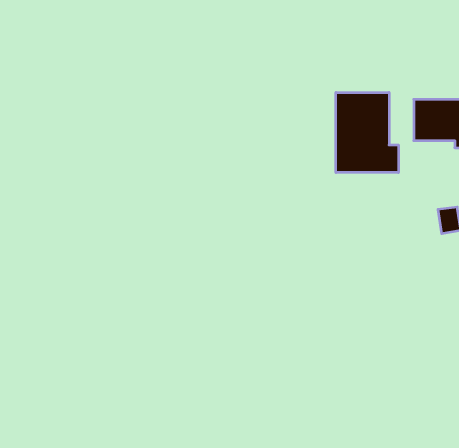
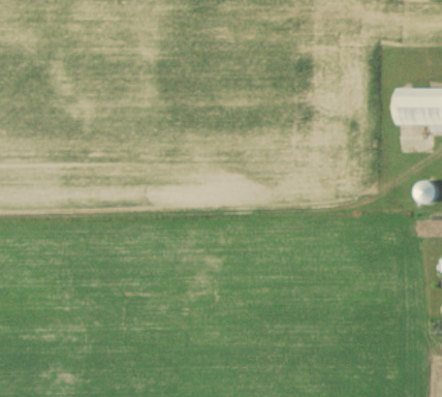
building: [336,92,398,173] -> none

